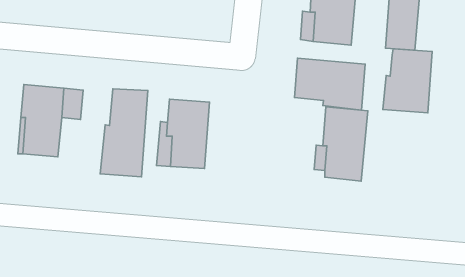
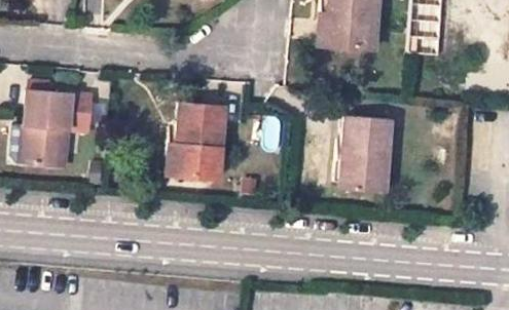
building: [383,49,432,113] -> none
building: [295,58,365,110] -> none
building: [100,89,148,177] -> none

